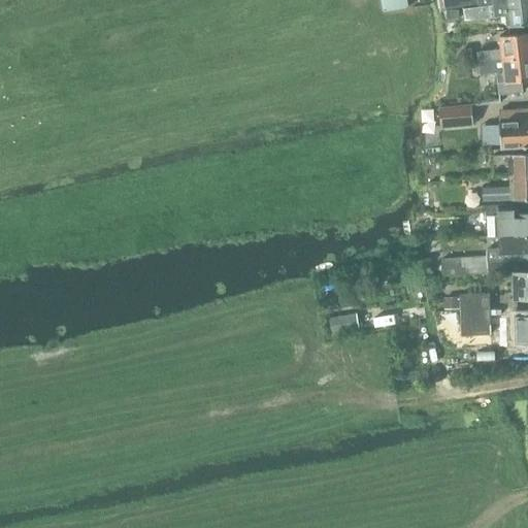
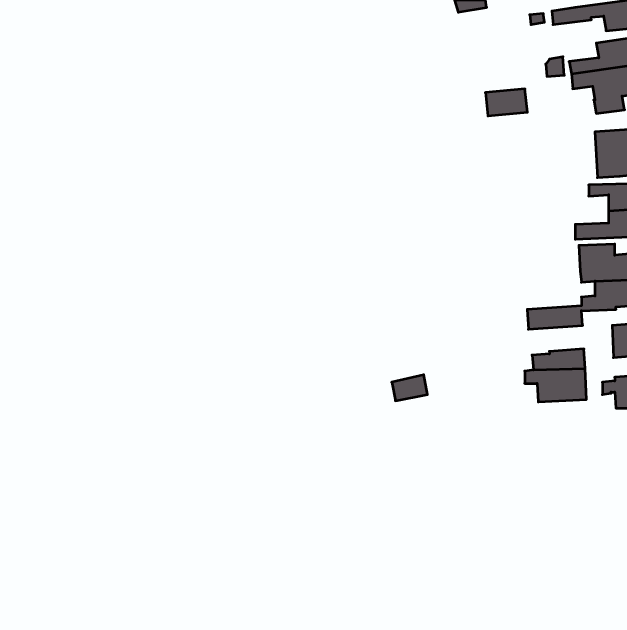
building: [440,104,475,127] -> [485,89,527,116]

